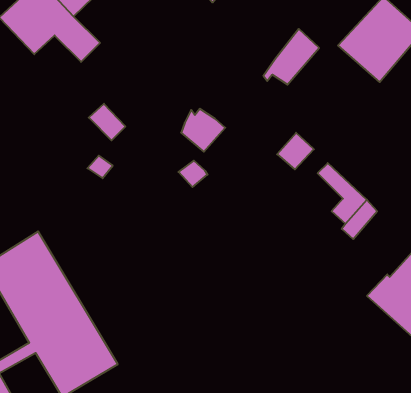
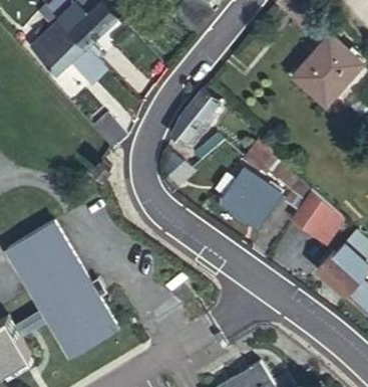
building: [263,29,319,85] -> [176,87,221,132]
building: none -> [223,171,279,227]
building: none -> [305,205,345,246]

